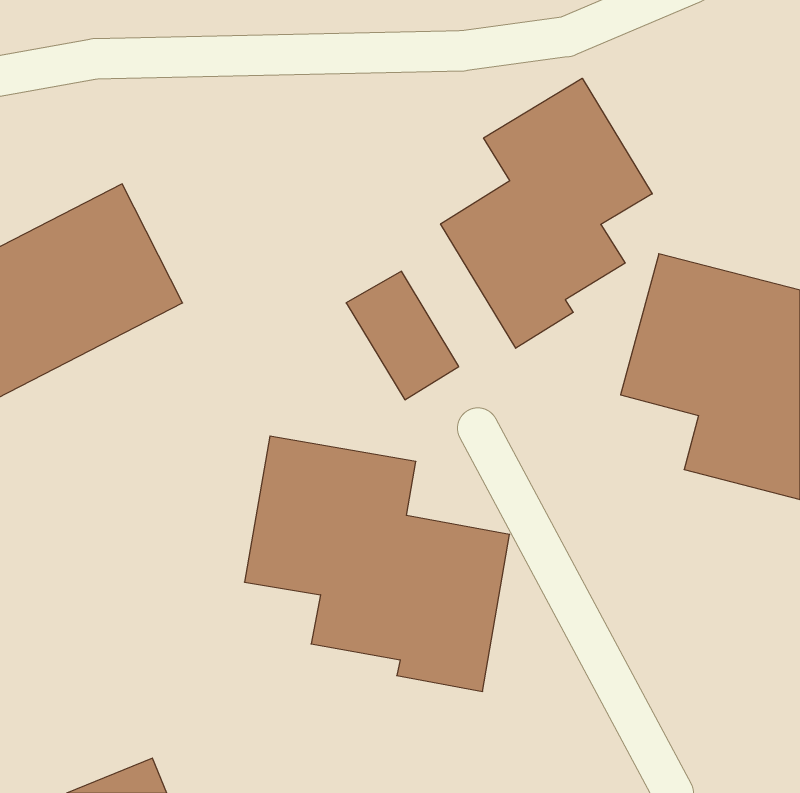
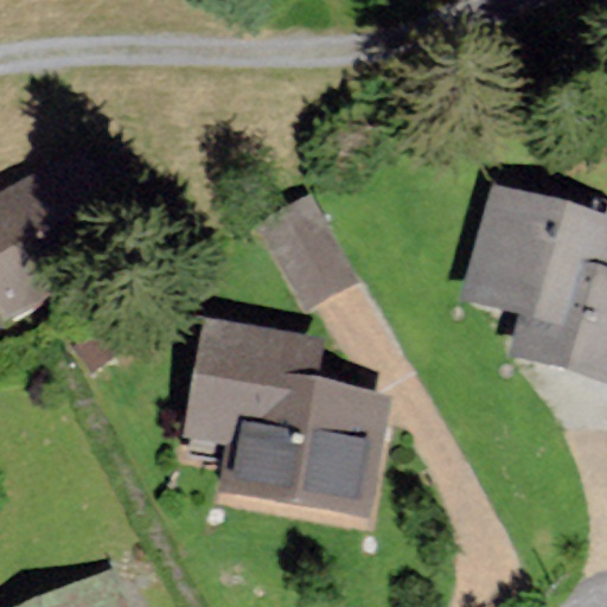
building: [441,78,652,348] -> none

